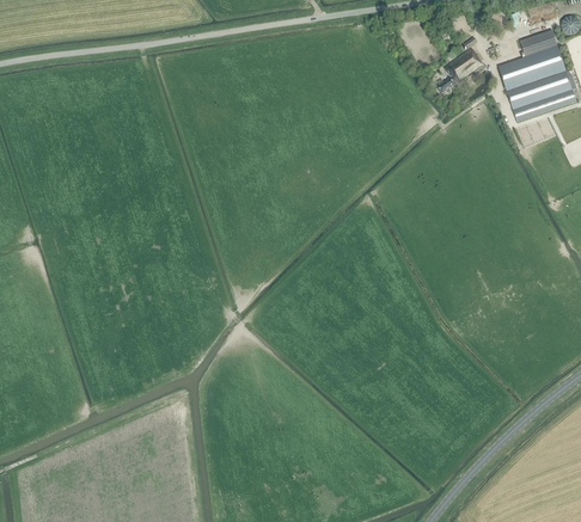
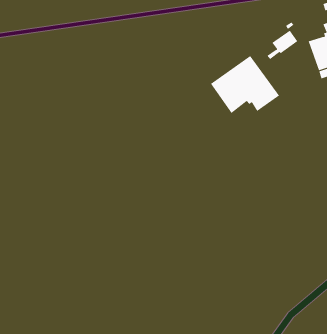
building: none -> [210,55,280,114]

